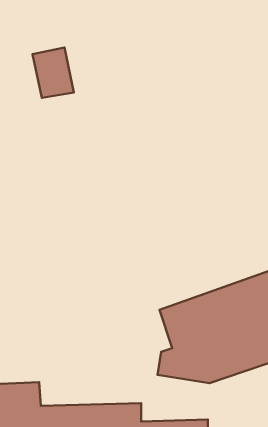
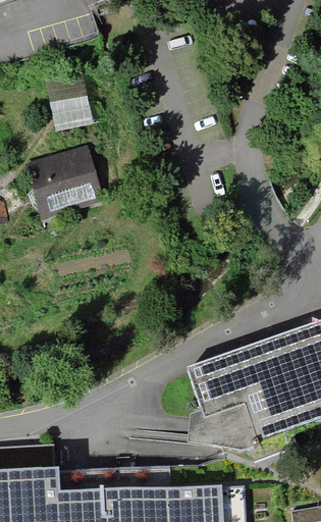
building: none -> [25,148,103,216]

